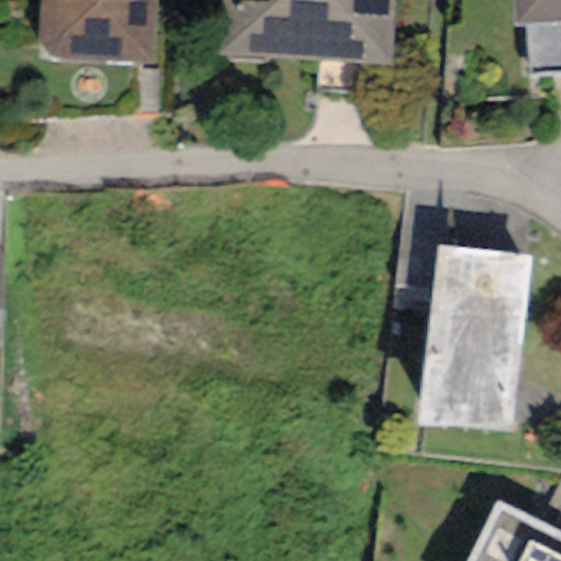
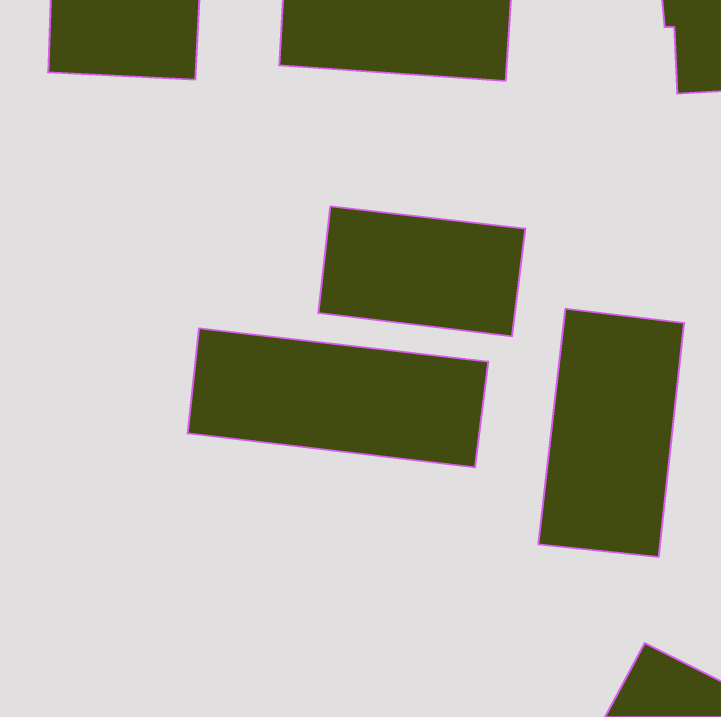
building: none -> [319,206,525,336]
building: none -> [188,328,488,468]

